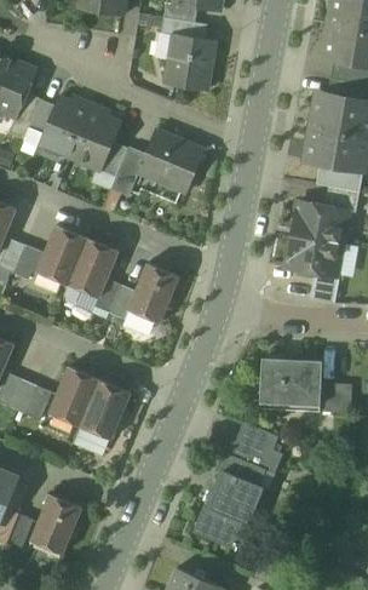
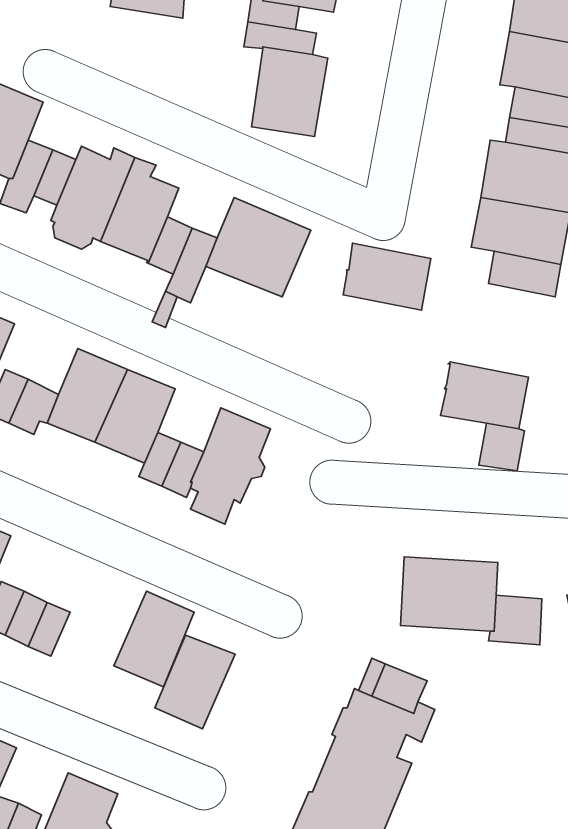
building: [292,201,347,244] -> [343,243,431,310]
building: [48,367,99,426] -> [155,635,235,729]

